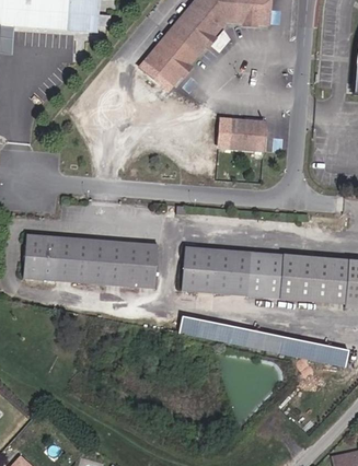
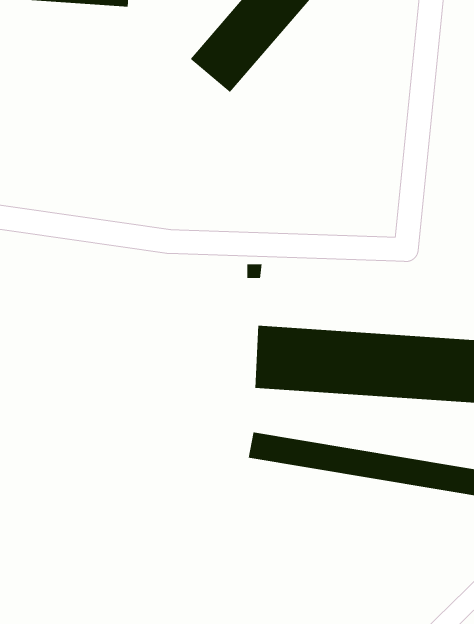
building: [219,118,266,149] -> none
building: [26,235,160,288] -> none

